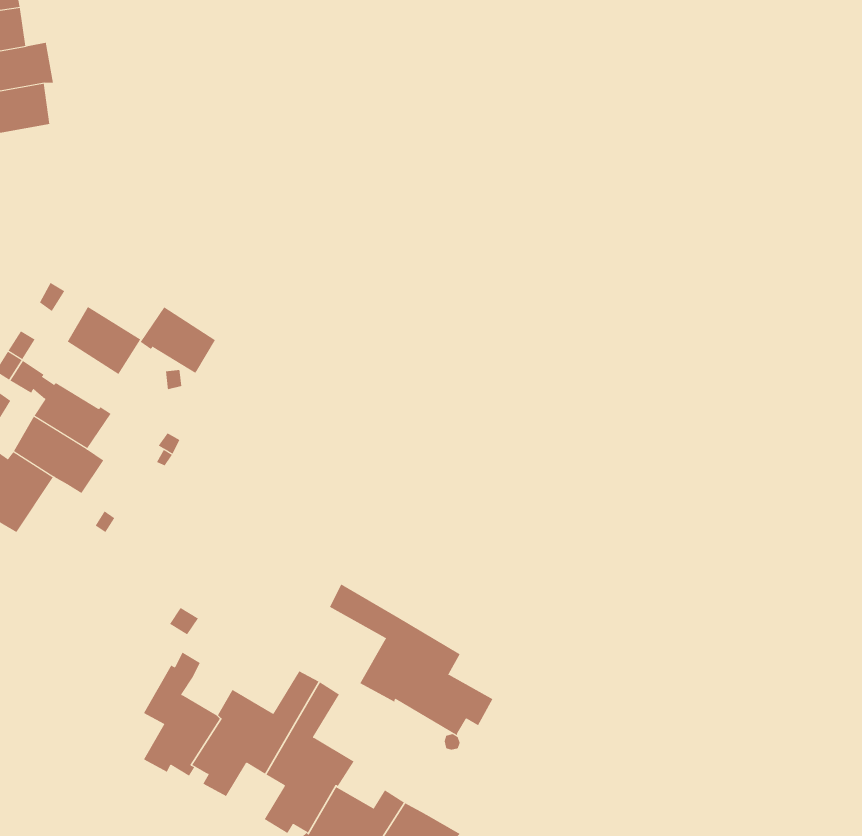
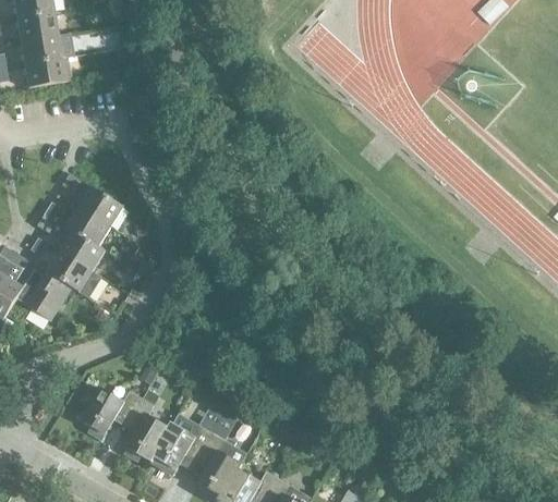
building: [140,307,216,373] -> [65,208,110,247]
building: [329,584,493,736] -> none
building: none -> [81,388,141,440]

